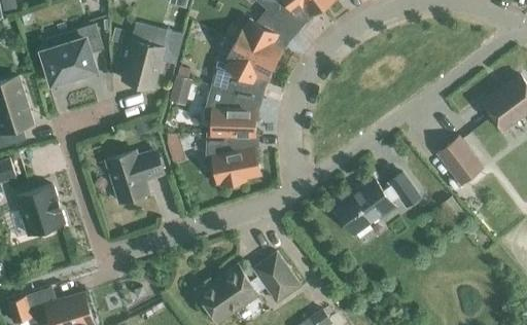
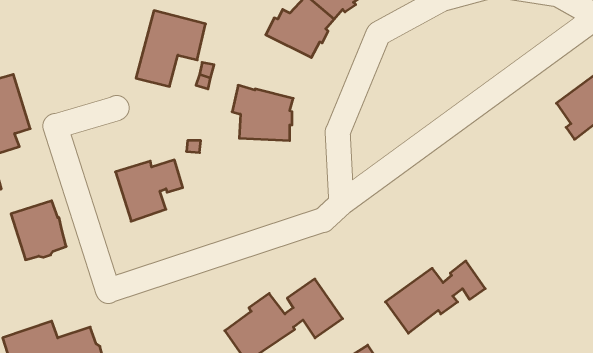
building: [42,25,103,83] -> none
building: [224,43,274,98] -> none
building: [207,132,260,185] -> none
building: [436,137,483,185] -> none
building: [335,173,420,234] -> [385,261,485,333]

